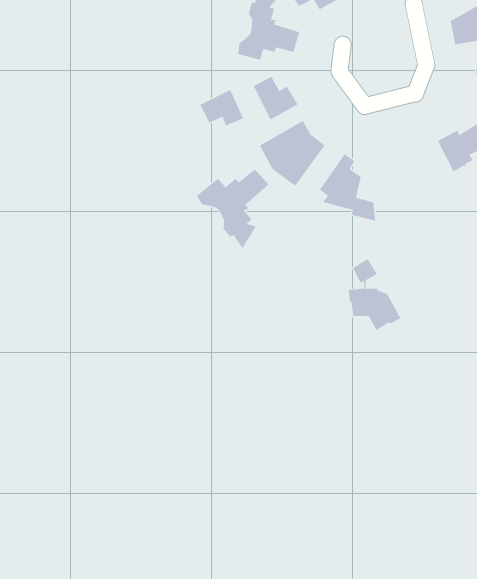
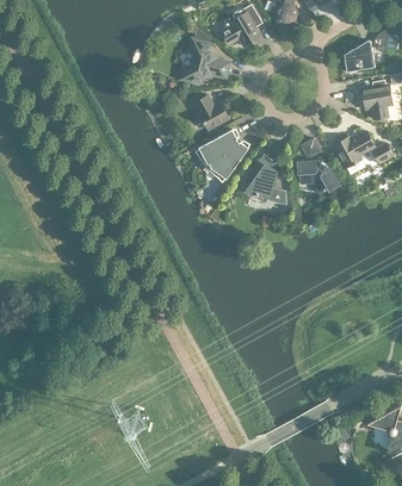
building: [200,89,244,126] -> none
building: [196,168,269,249] -> none
building: [348,258,401,331] -> [297,138,338,193]

